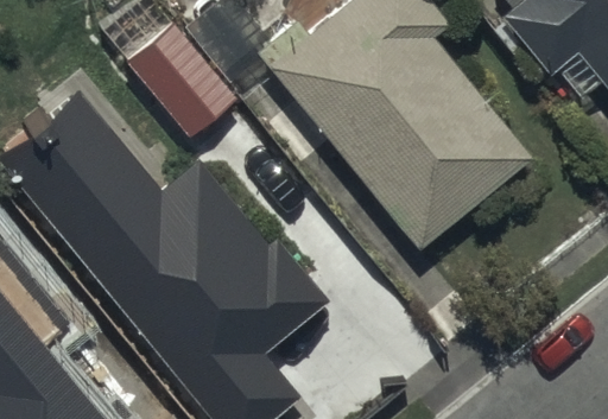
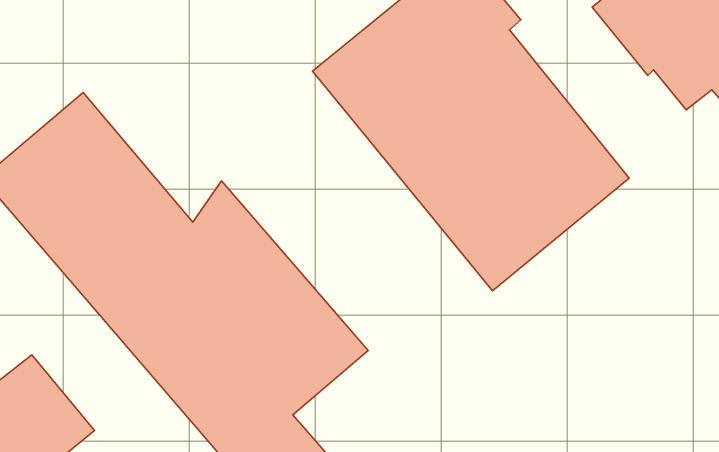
building: [86,19,238,140] -> none

